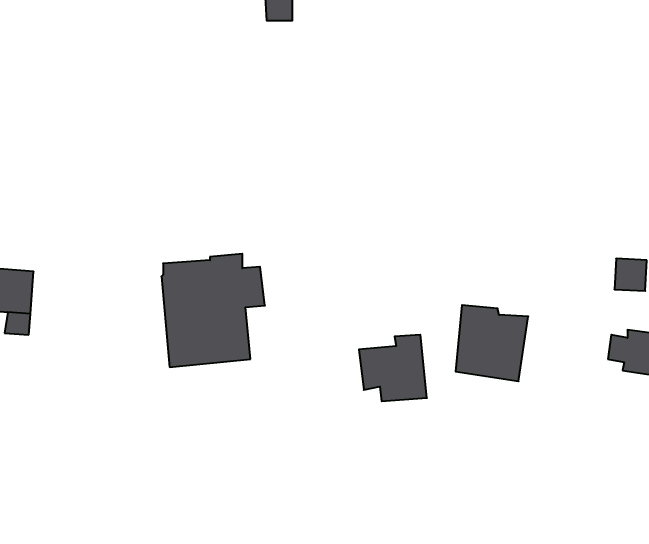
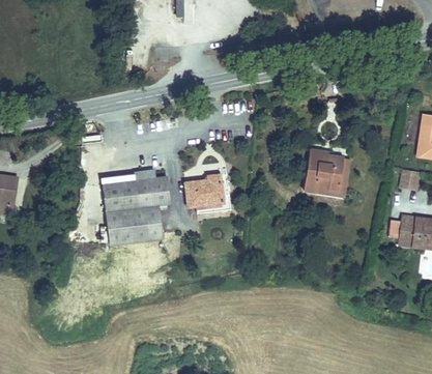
building: [456,305,528,381] -> [308,151,354,200]
building: [359,335,427,401] -> [185,173,229,215]

